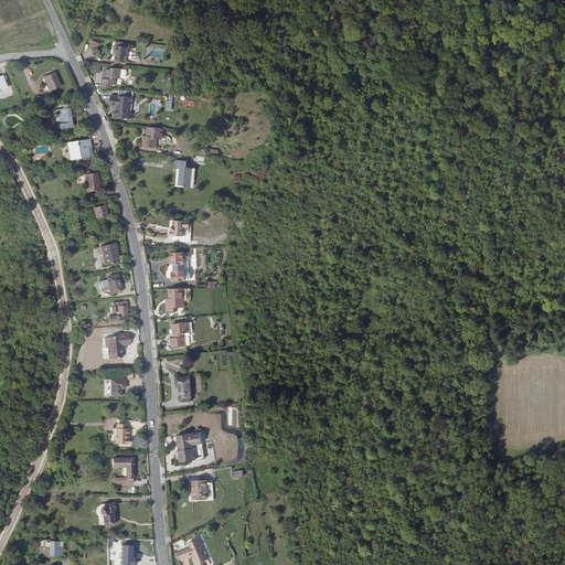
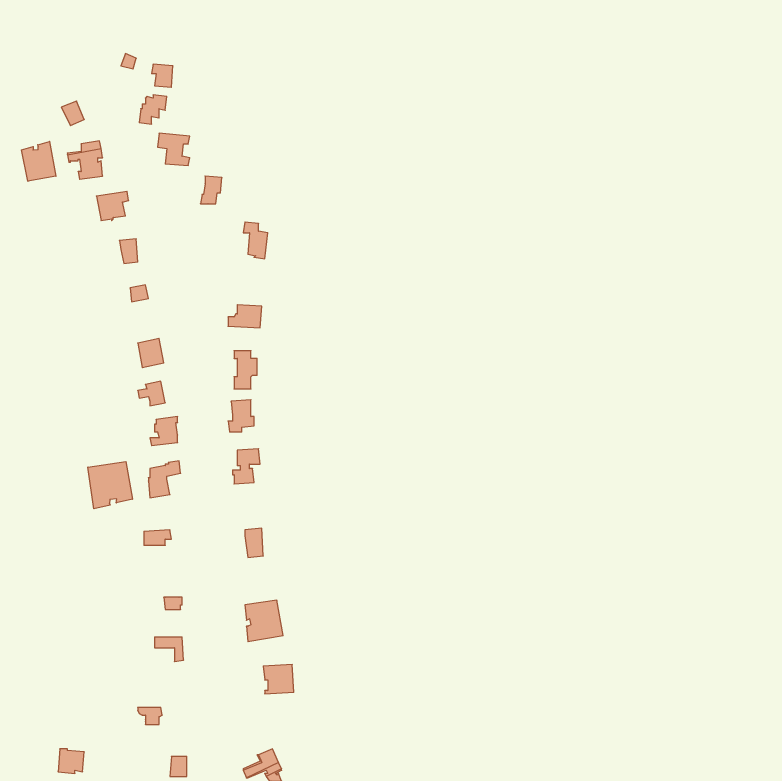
building: none -> [21,141,56,181]
building: none -> [88,462,132,509]

